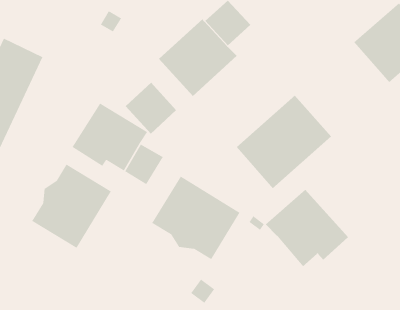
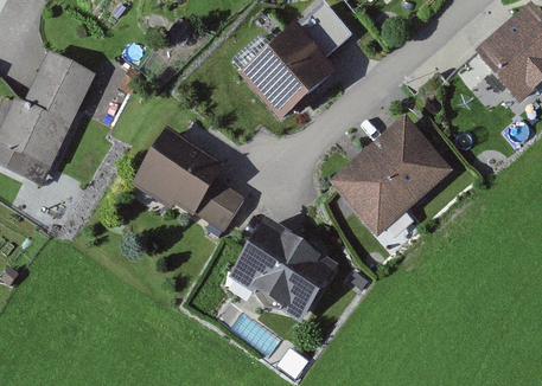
building: [125,82,177,134] -> none
building: [31,164,112,249] -> none
building: [265,189,349,267] -> none

